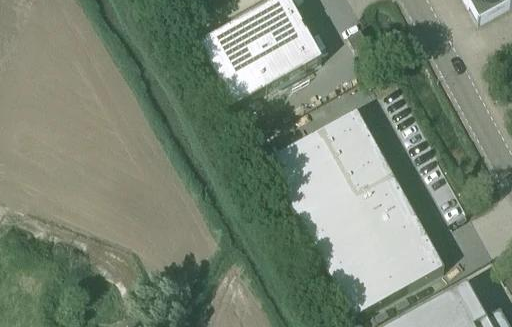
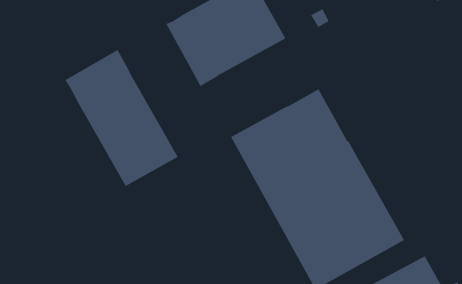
building: none -> [64,49,178,187]

